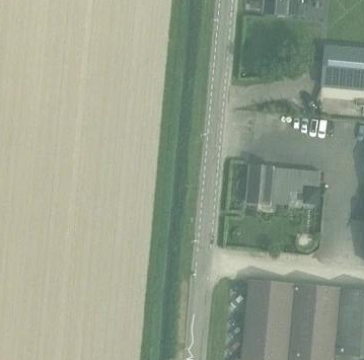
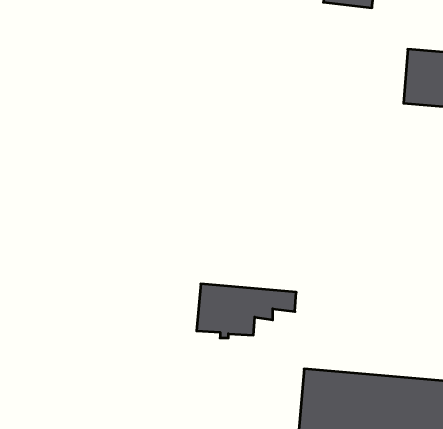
building: [247,165,320,205] -> [197,284,296,338]

